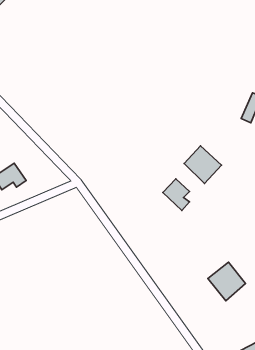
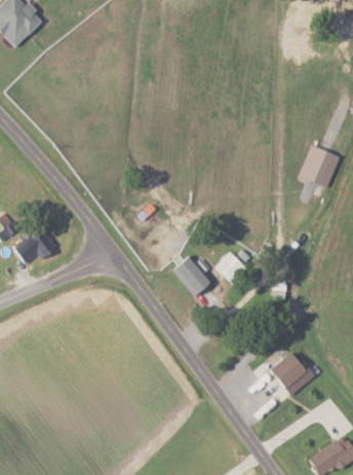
building: [184,146,222,184] -> none
building: none -> [172,255,213,297]

